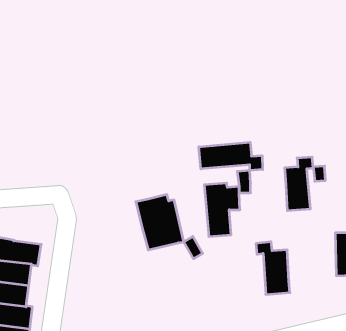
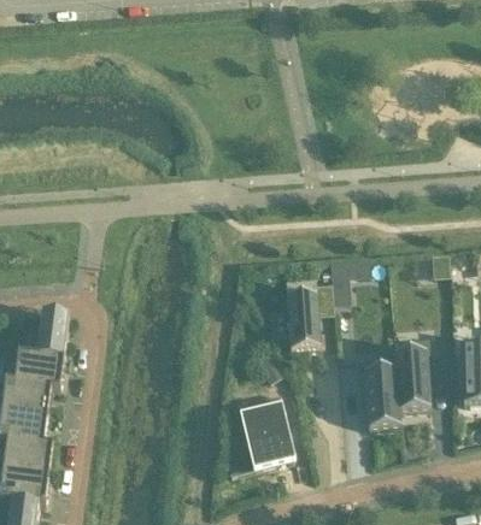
building: [199,142,263,171] -> none
building: [285,157,313,211] -> [394,338,433,411]
building: [136,195,184,250] -> [235,394,300,468]
building: none -> [25,313,68,361]

